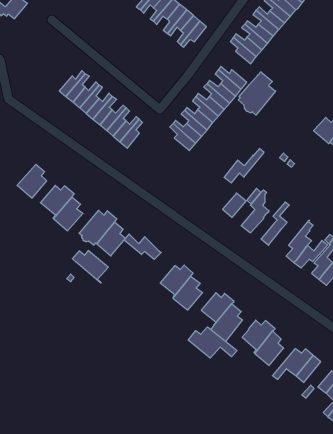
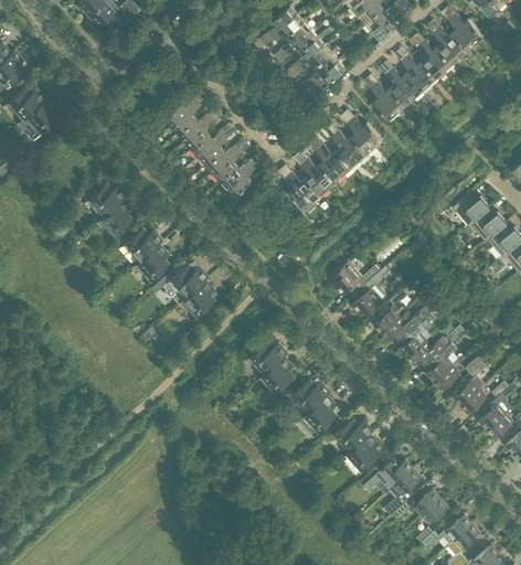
building: [238,72,276,115] -> none
building: [224,148,264,183] -> [381,306,432,341]
building: none -> [86,183,127,221]
building: [124,234,161,259] -> none
building: [72,250,108,283] -> none
building: [188,327,237,358] -> none

